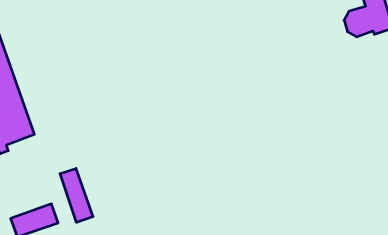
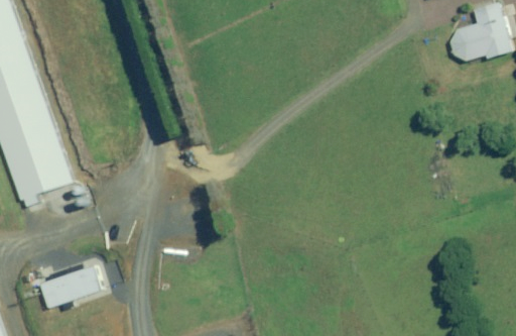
building: [60,168,93,222] -> none

